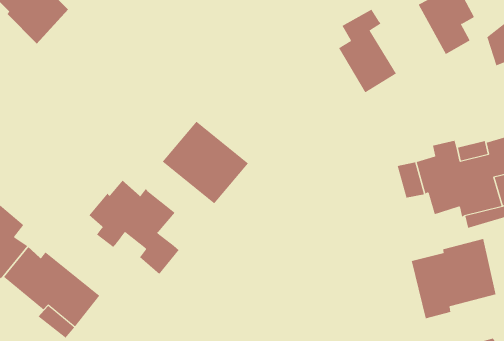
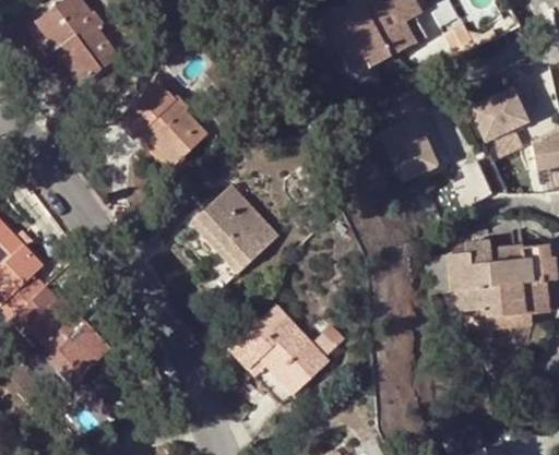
building: none -> [117,82,207,165]
building: [89,180,180,275] -> none
building: none -> [230,306,344,405]
building: [411,238,496,319] -> none

